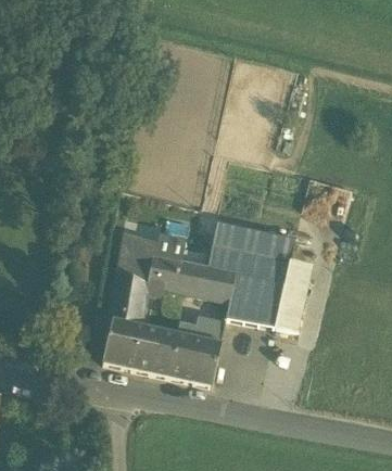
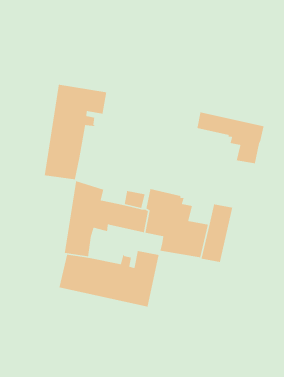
building: none -> [44,84,107,180]
building: [213,220,295,284] -> [196,111,264,164]
building: [154,233,186,260] -> none

